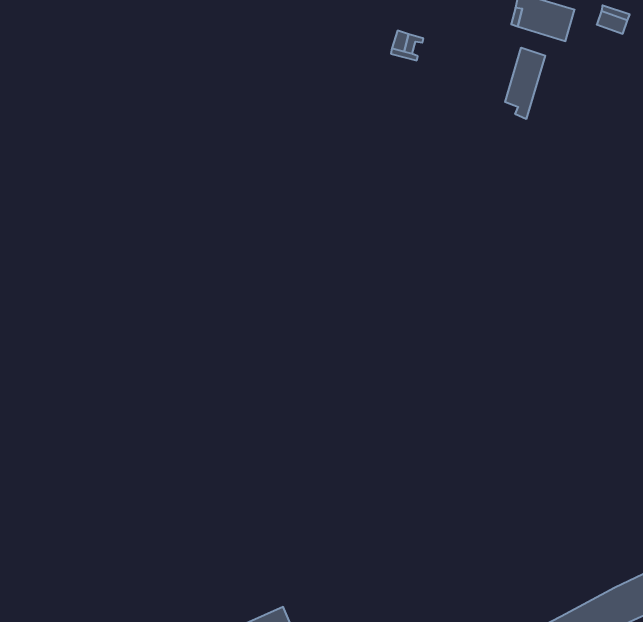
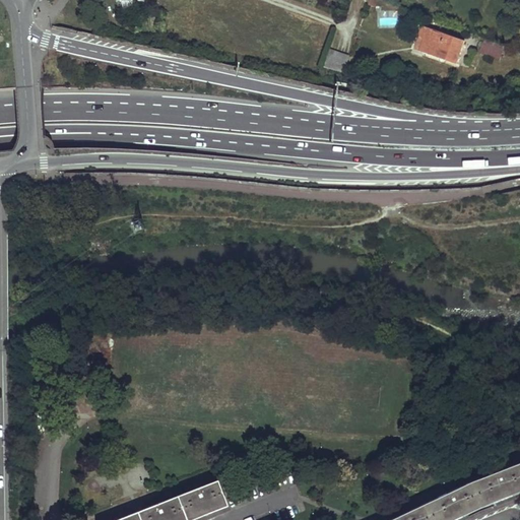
building: [505,48,545,119] -> none

